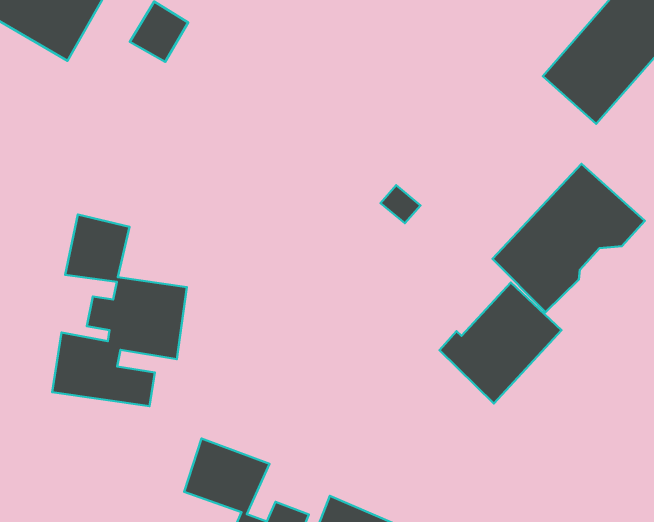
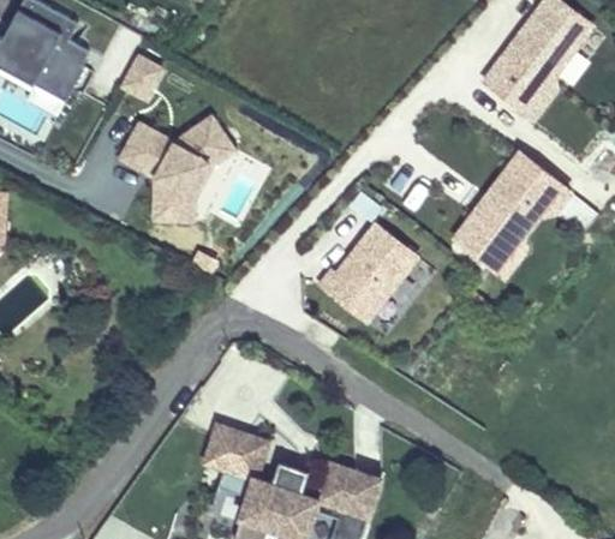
building: none -> [125,119,228,218]
building: [52,214,187,406] -> none
building: [440,283,561,404] -> [316,223,420,330]

